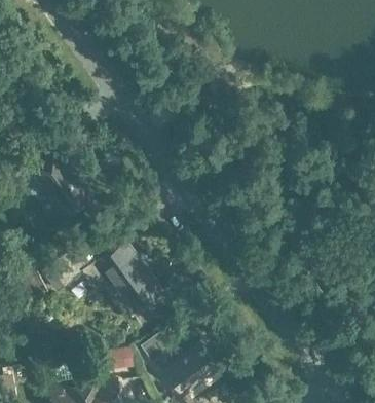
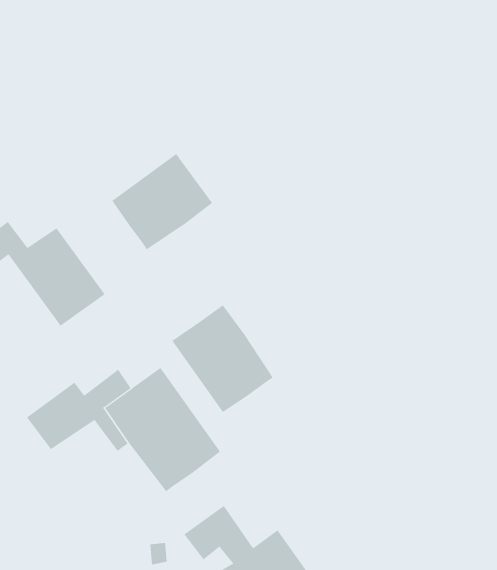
building: none -> [112,153,213,250]
building: none -> [172,304,274,413]

